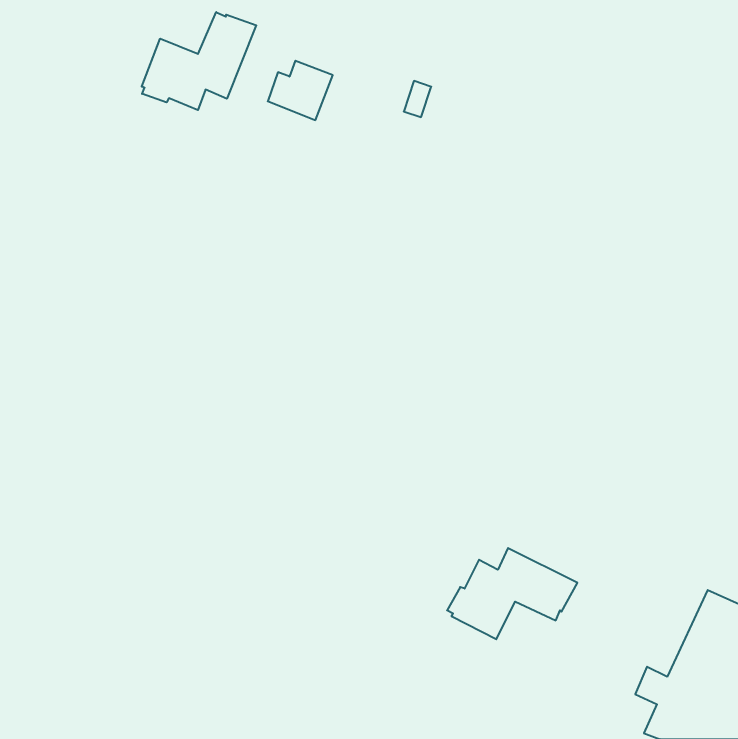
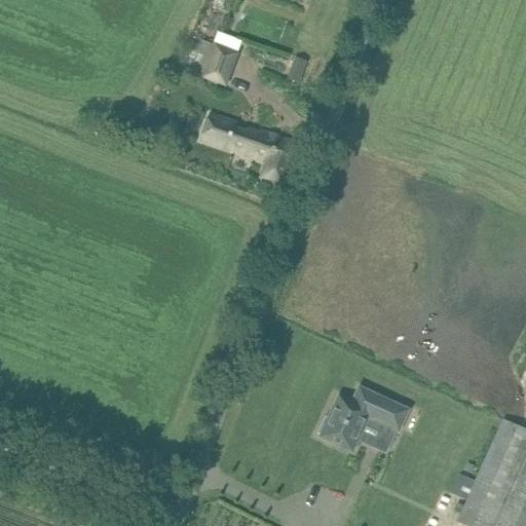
building: [142,12,256,110] -> none
building: none -> [202,112,296,183]

